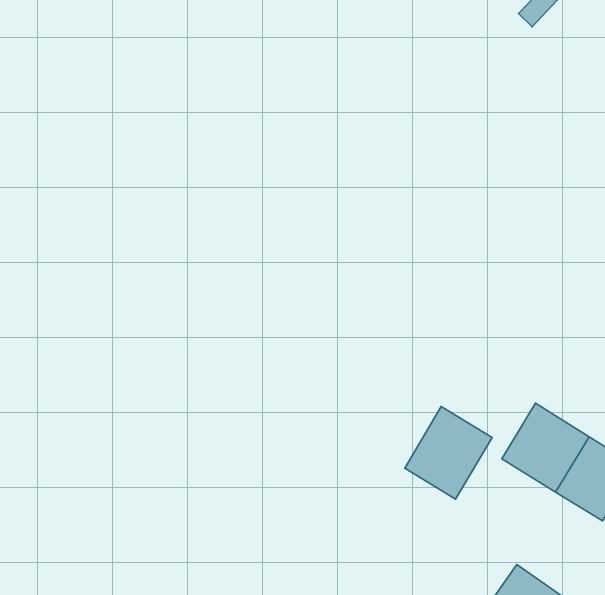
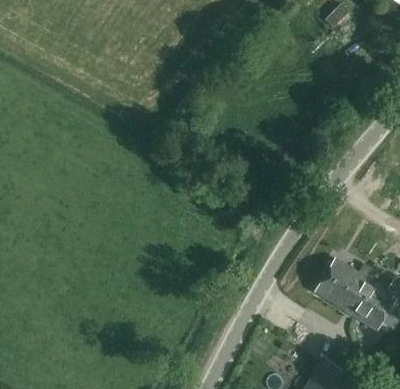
building: [405,407,492,499] -> none

